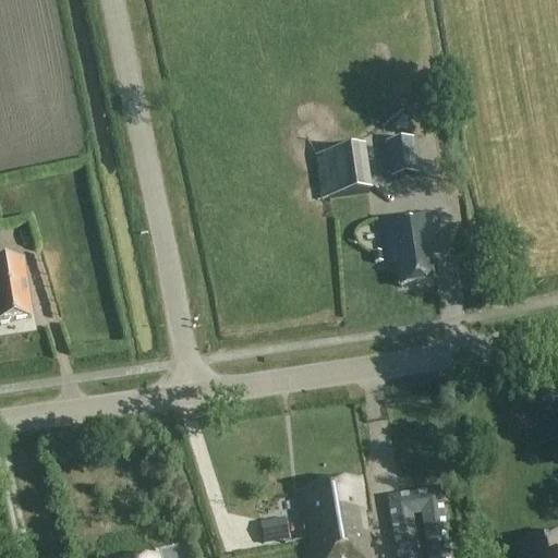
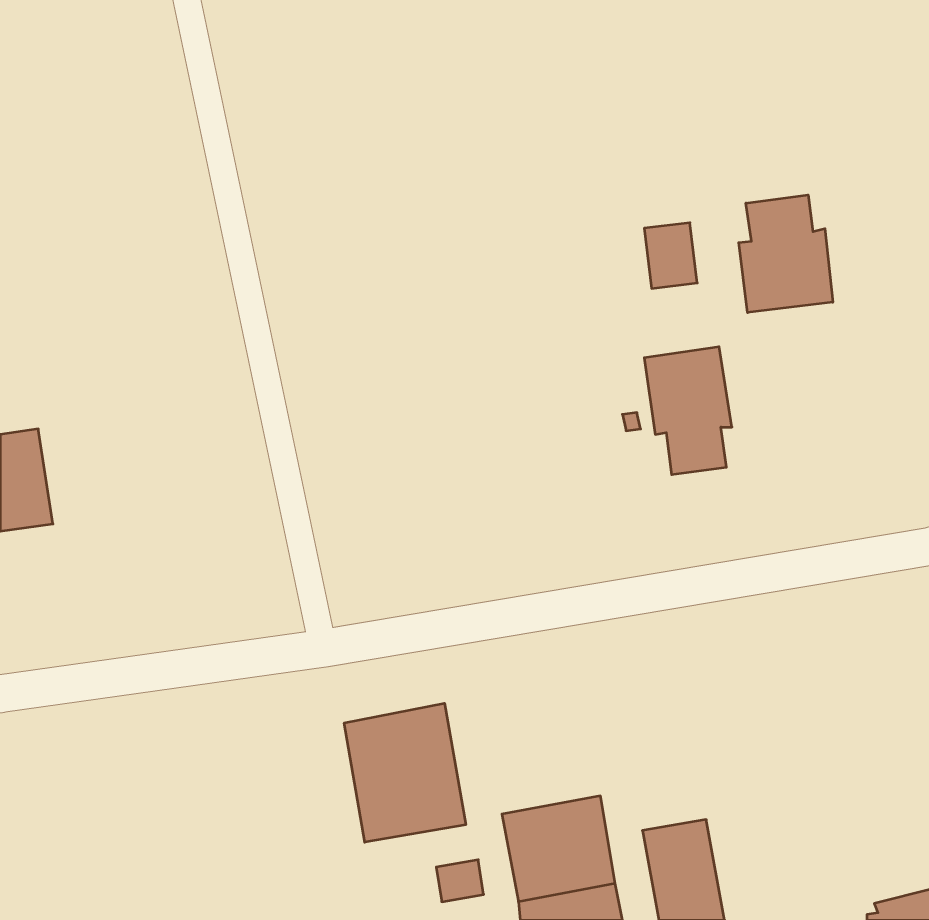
building: none -> [739,195,833,313]
building: [316,143,373,193] -> none
building: none -> [344,703,466,842]

